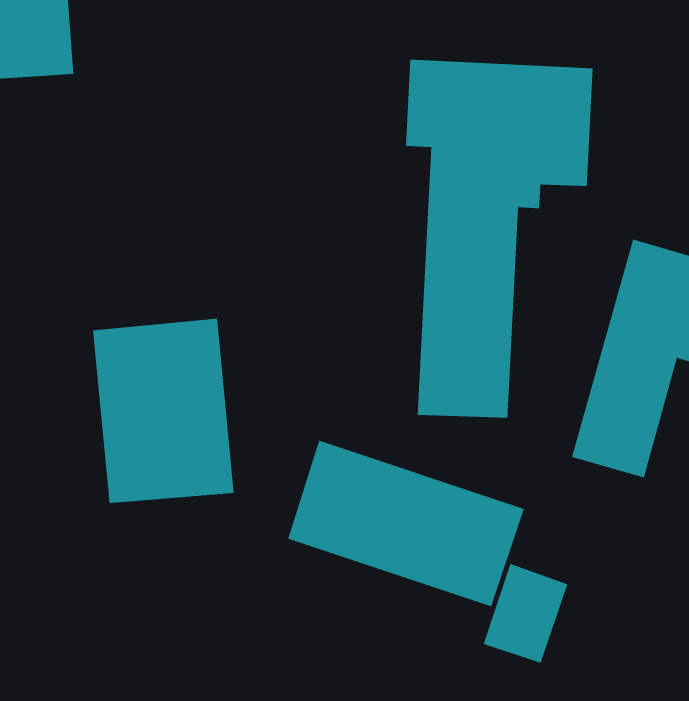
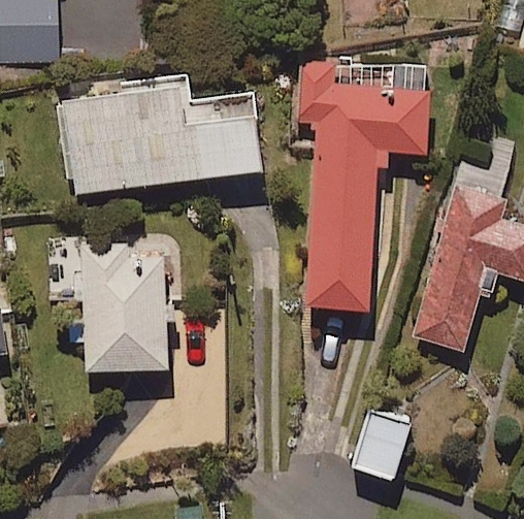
building: none -> [64,75,269,195]
building: [288,440,525,607] -> none

